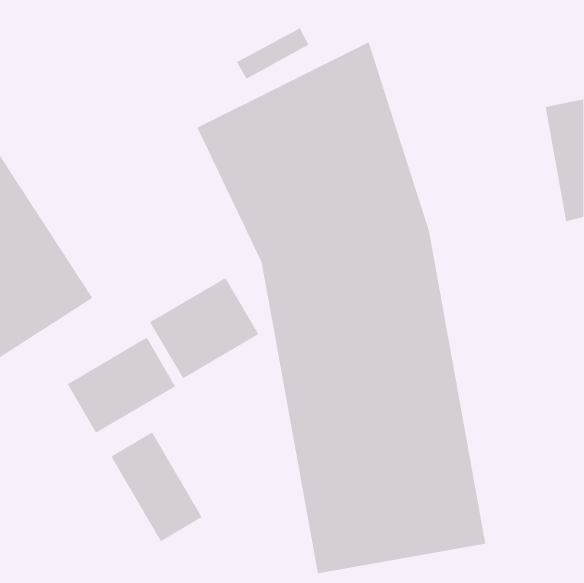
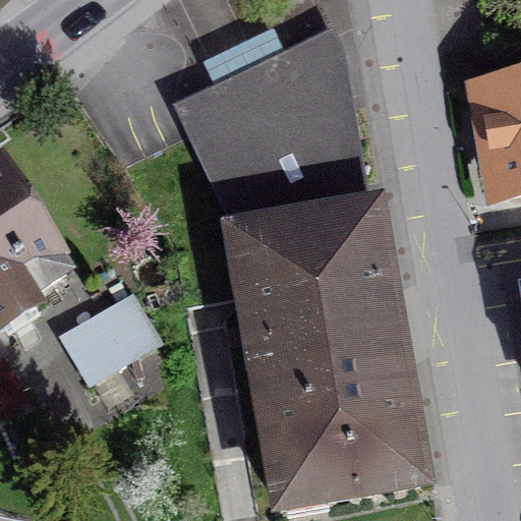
building: [149,277,259,379] -> none
building: [110,431,203,542] -> none

